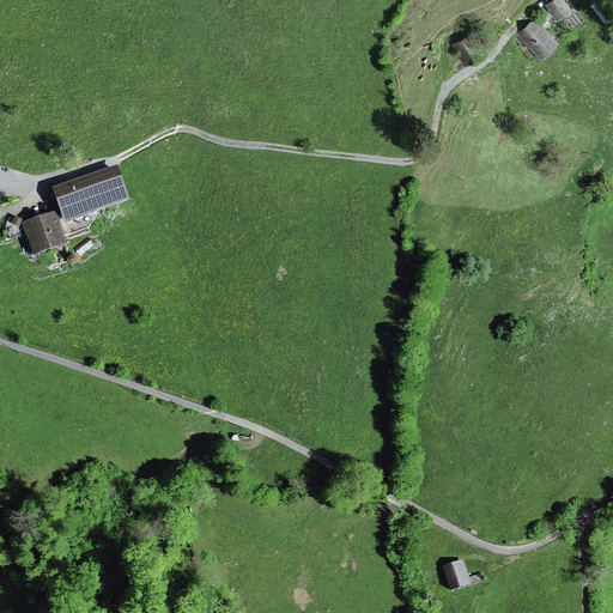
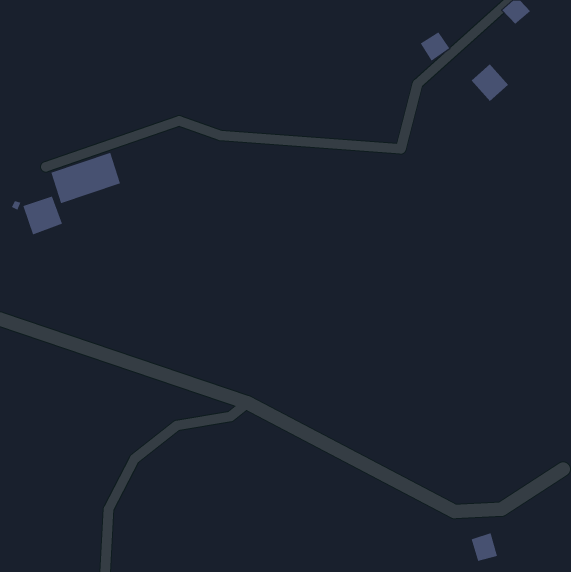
building: [512,22,553,62] -> [471,64,509,102]
building: [444,559,473,590] -> [471,533,498,562]

